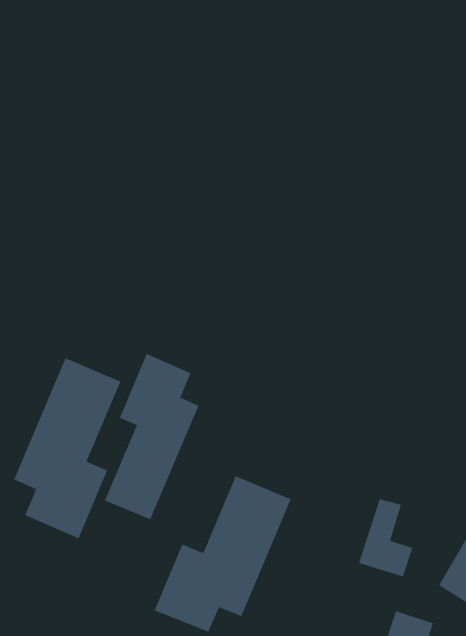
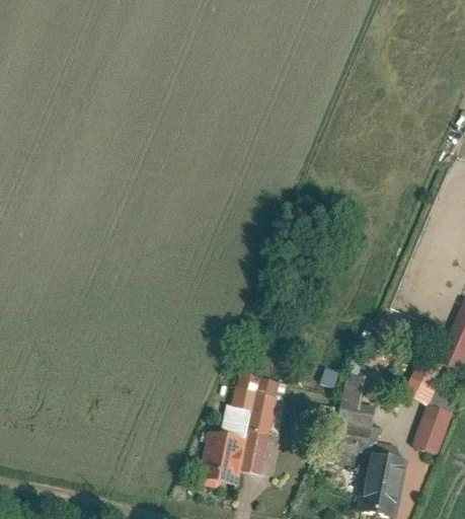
building: [104,353,199,520] -> none
building: [13,357,121,539] -> none

